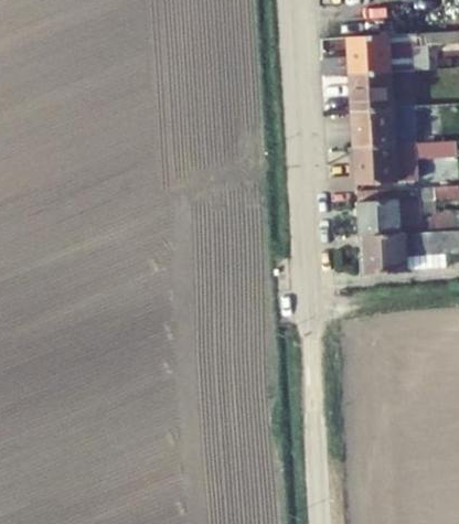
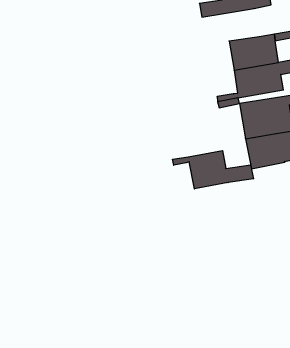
building: [349,72,389,109] -> none
building: none -> [173,151,254,189]

